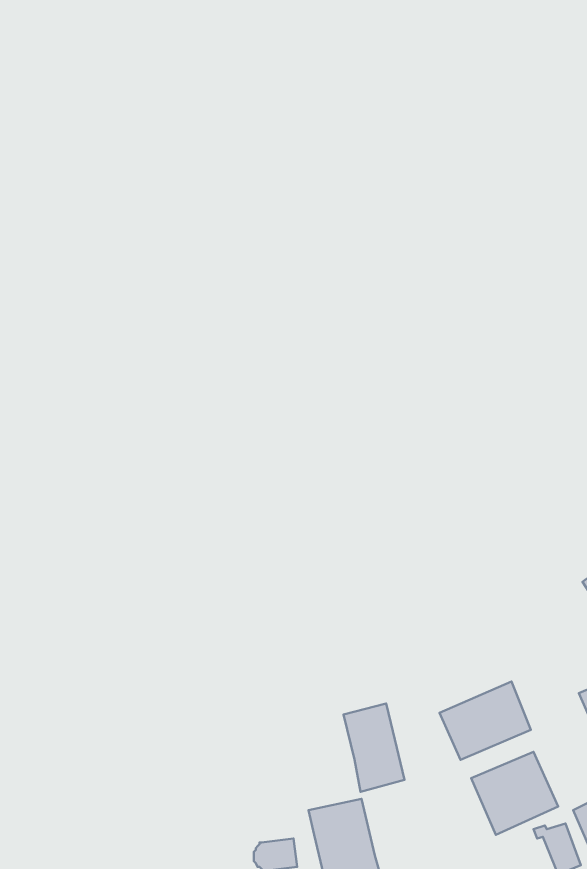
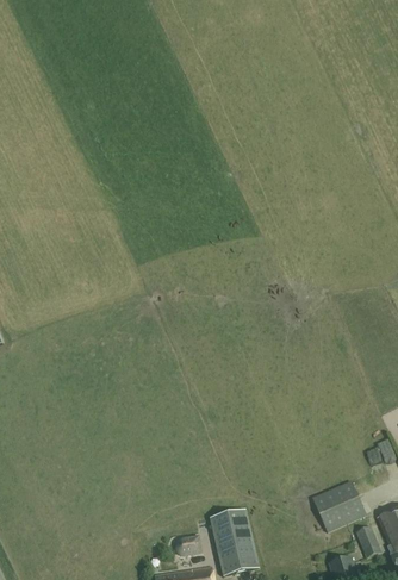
building: [439,682,531,760] -> none
building: [344,703,404,792] -> none

